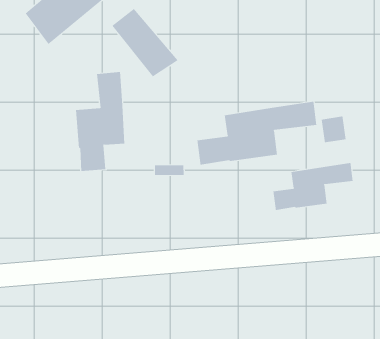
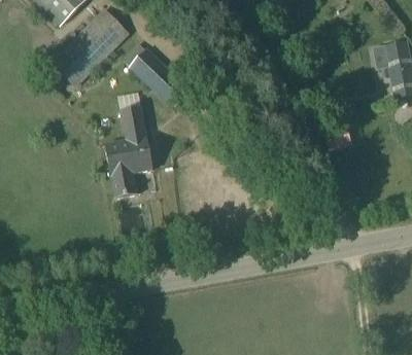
building: [197,101,317,165] -> none
building: [273,162,353,211] -> none

